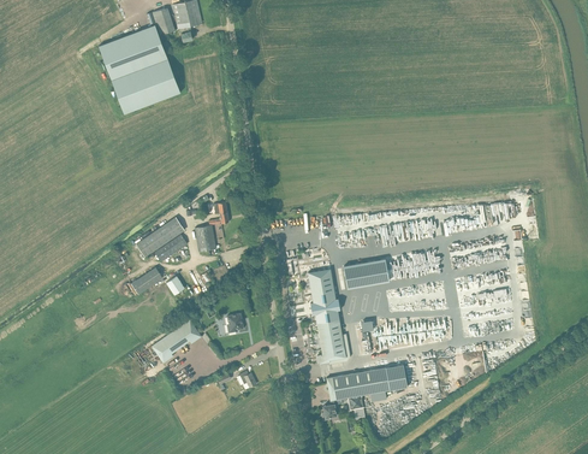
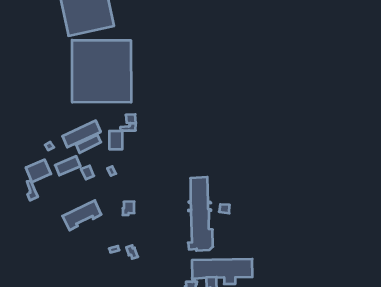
building: none -> [72,40,131,102]
building: [343,258,388,288] -> none
building: none -> [26,160,51,200]

